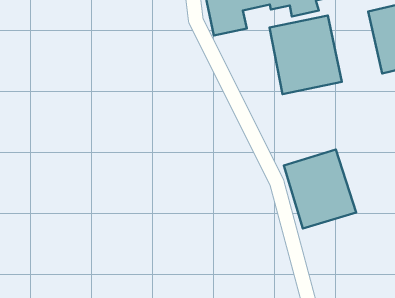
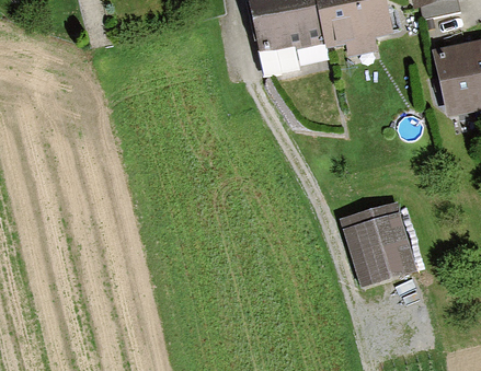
building: [270,15,342,94] -> none

